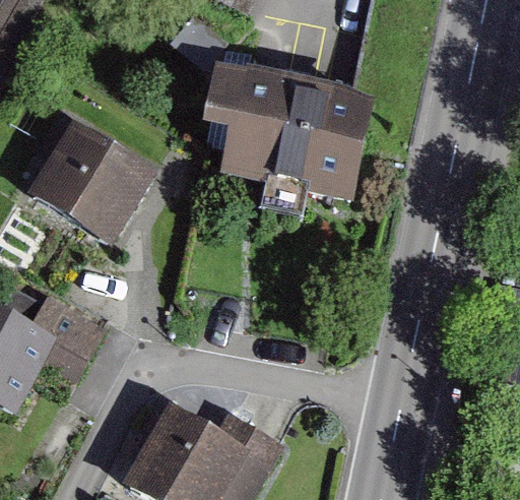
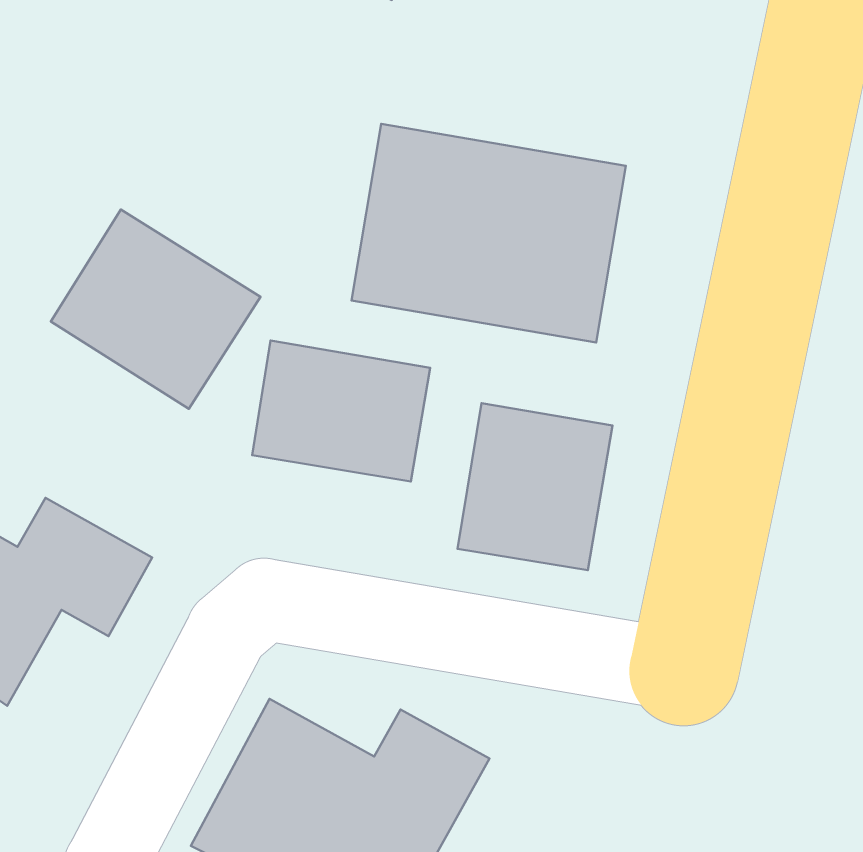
building: none -> [252,341,430,481]
building: none -> [458,403,613,570]

